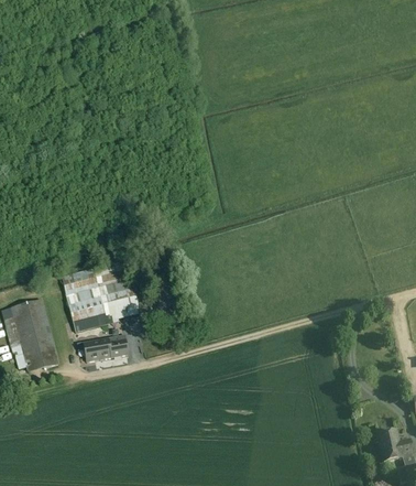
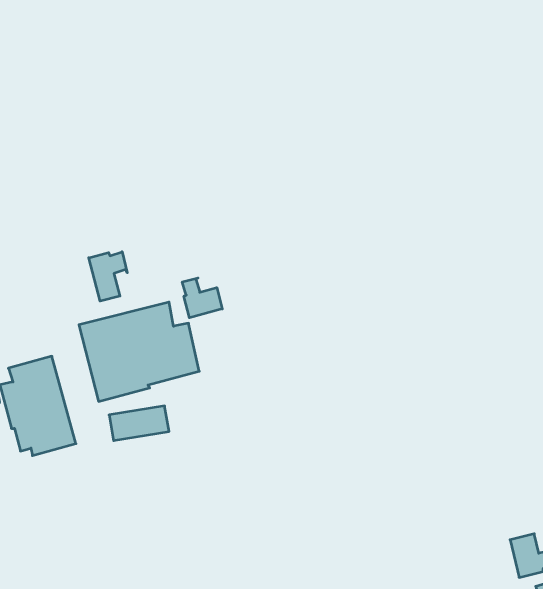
building: none -> [89,252,127,301]
building: none -> [182,278,222,318]

